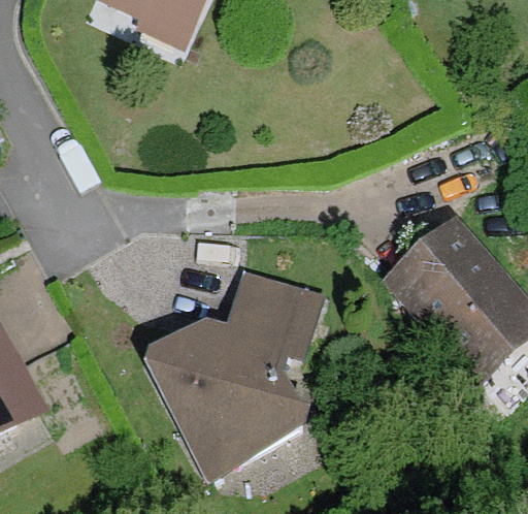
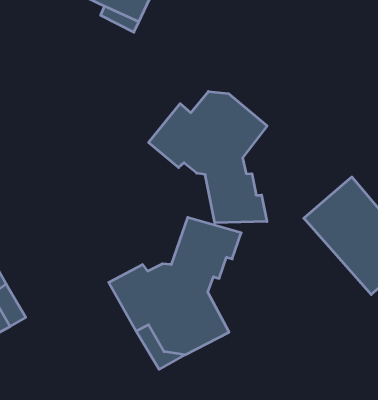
building: none -> [149,91,267,223]

